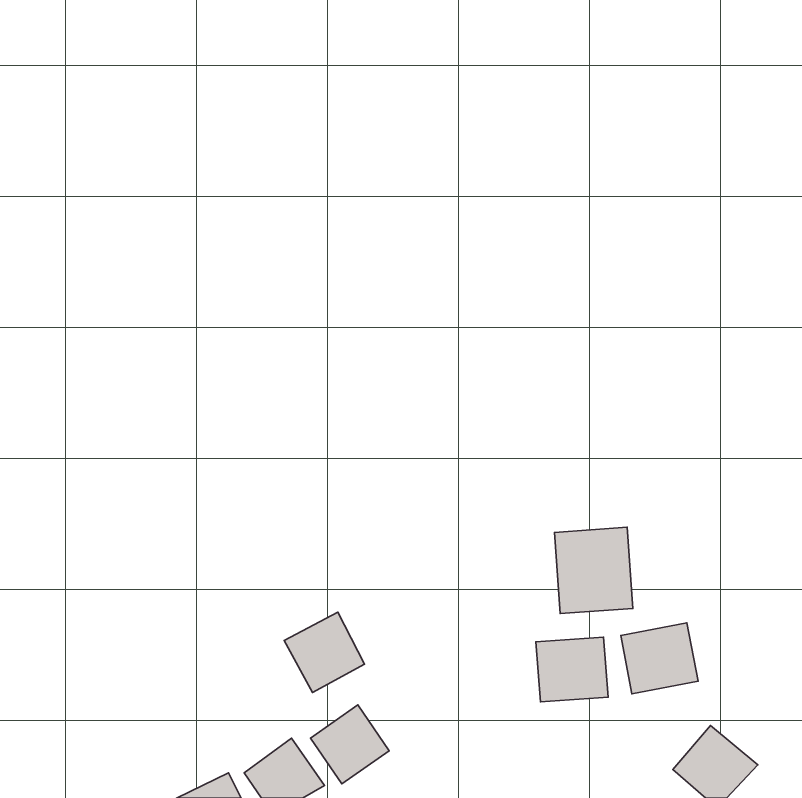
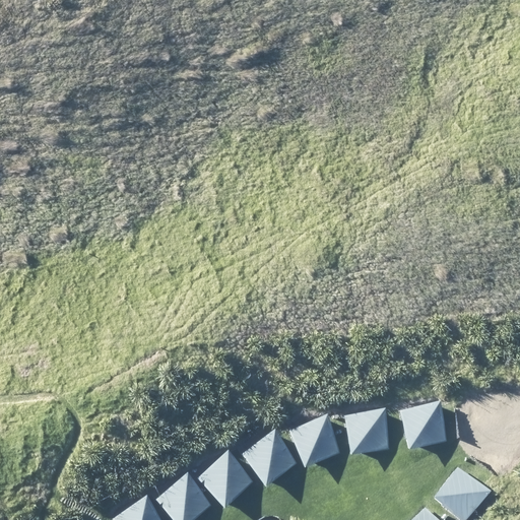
building: [554,527,633,614] -> none
building: [284,612,365,693] -> [243,432,295,483]
building: none -> [289,416,337,464]

